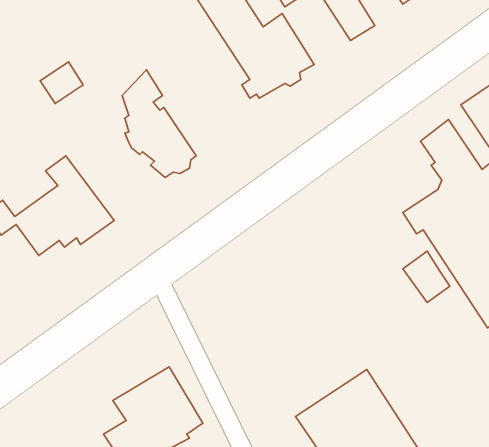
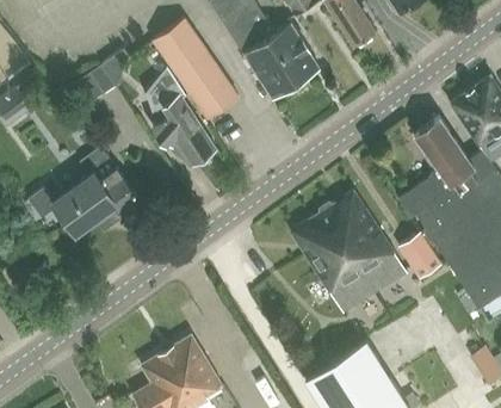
building: none -> [153,20,237,119]
building: none -> [290,191,407,313]

